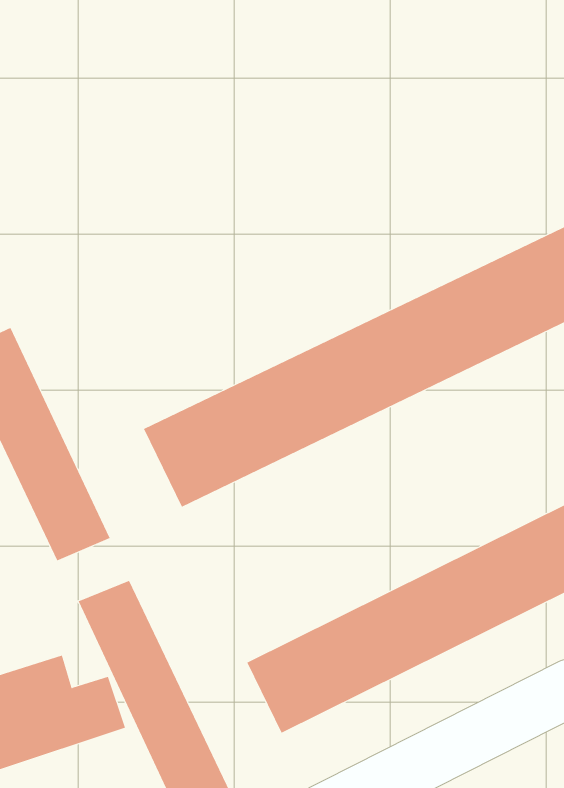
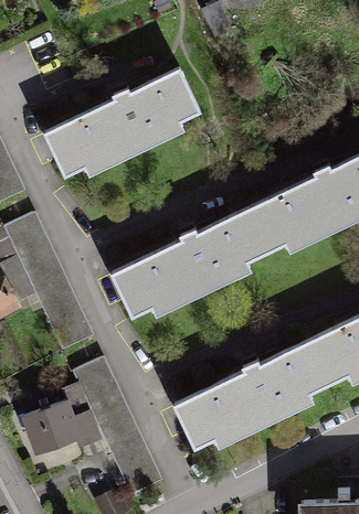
building: none -> [44,69,200,175]

